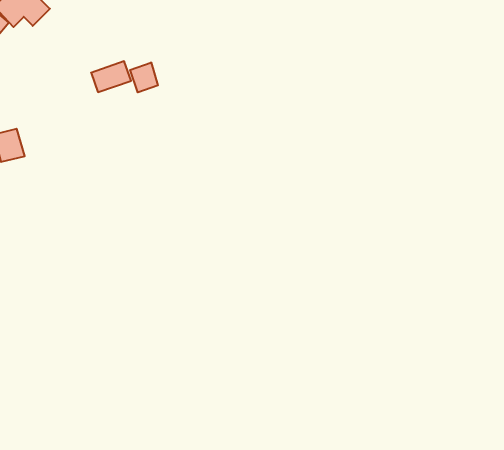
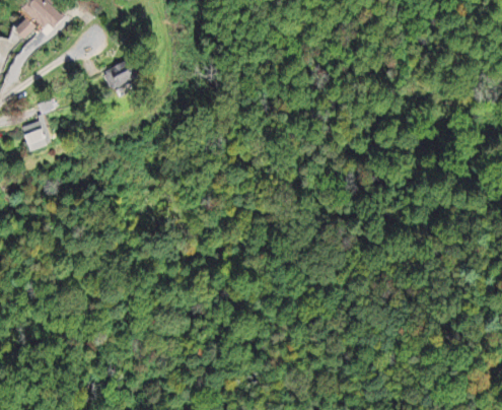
building: [130,62,158,92] -> none

